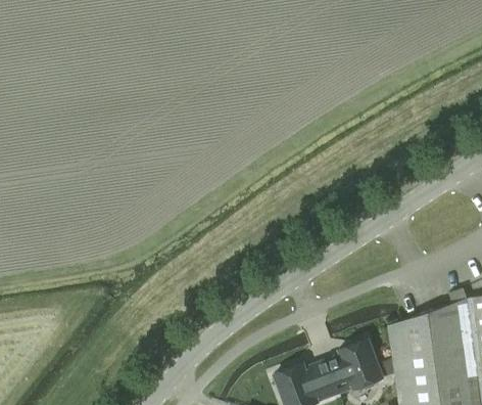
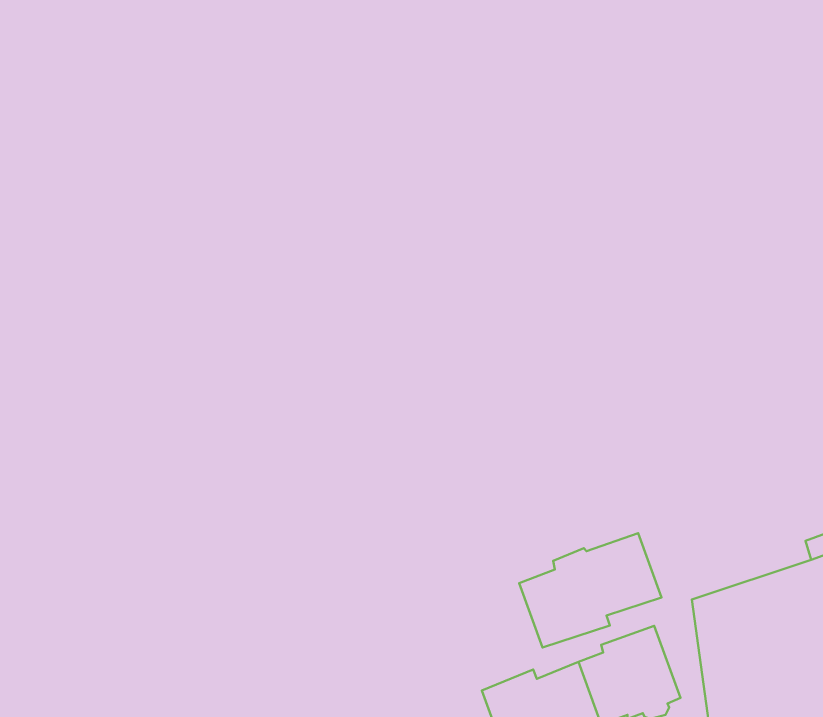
building: none -> [519,533,661,648]

